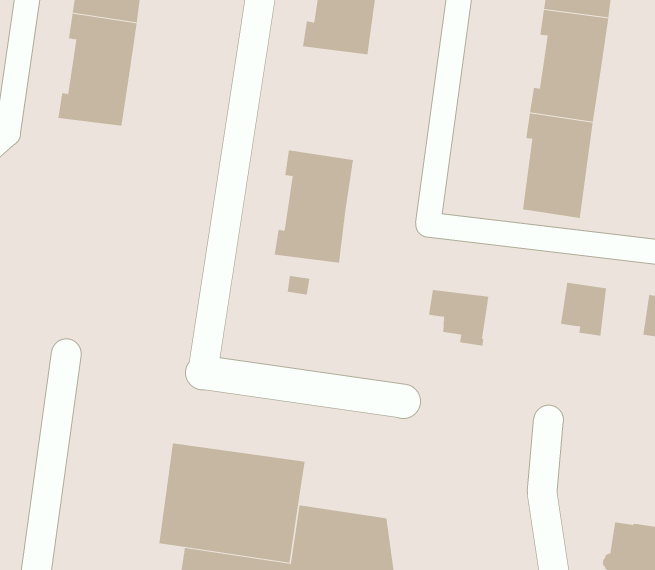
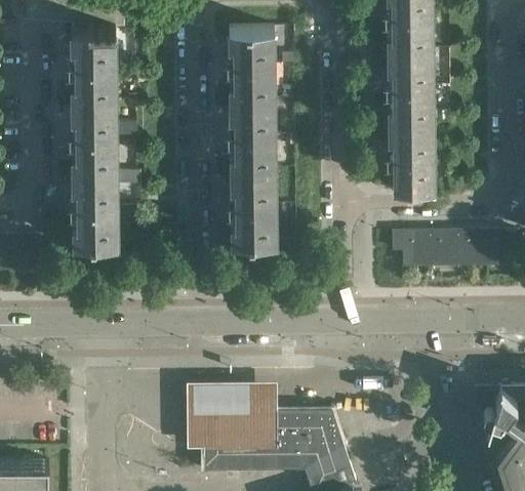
building: none -> [230,99,276,171]
building: none -> [73,172,118,244]
building: none -> [458,232,487,264]
building: [428,289,489,346] -> [392,232,432,265]

